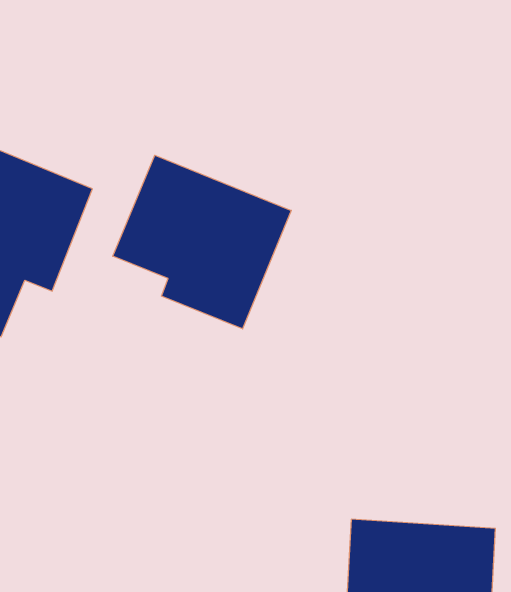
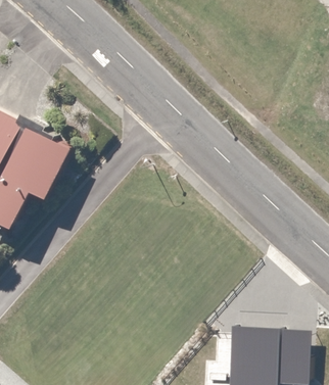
building: [113,155,291,329] -> none

